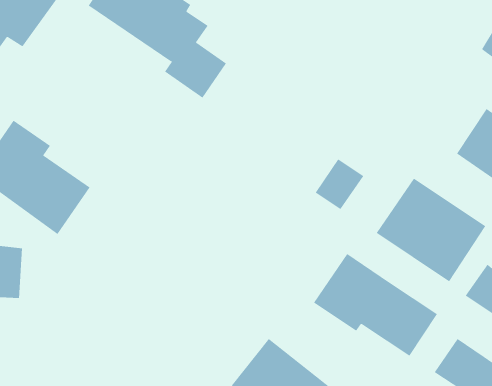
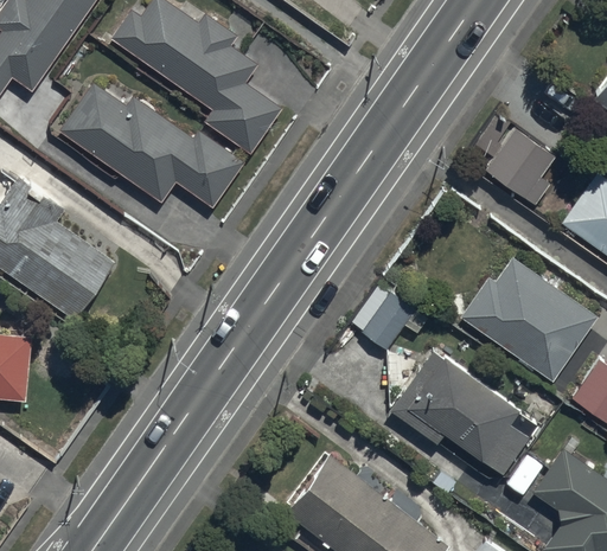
building: none -> [58,87,243,212]
building: none -> [481,124,564,204]
building: [315,159,364,210] -> [357,288,417,351]

